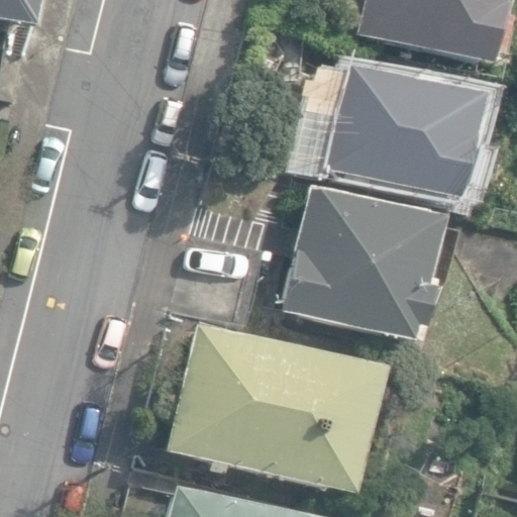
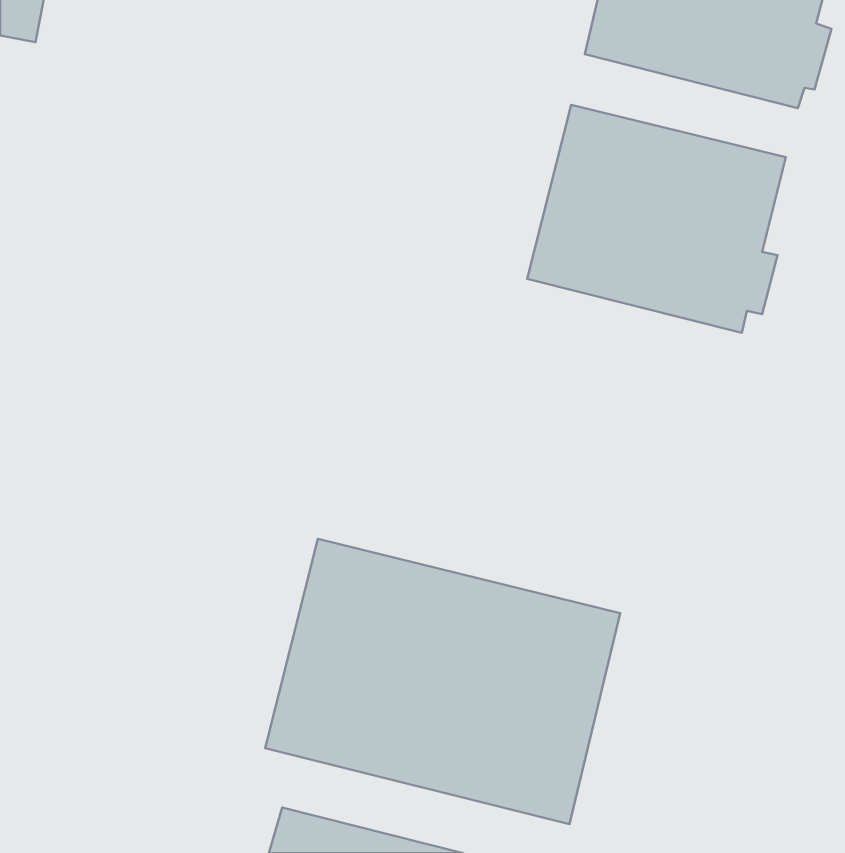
building: [285,186,441,338] -> none

